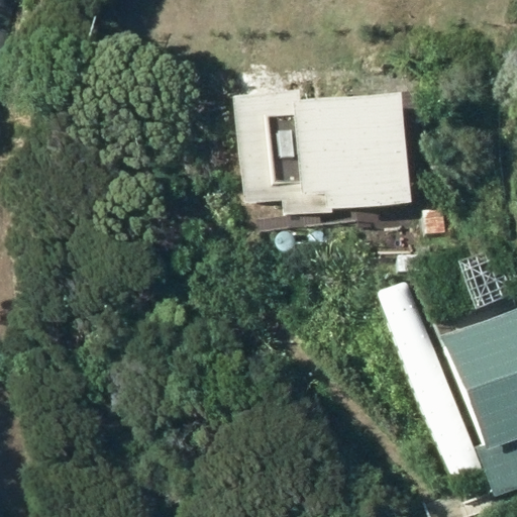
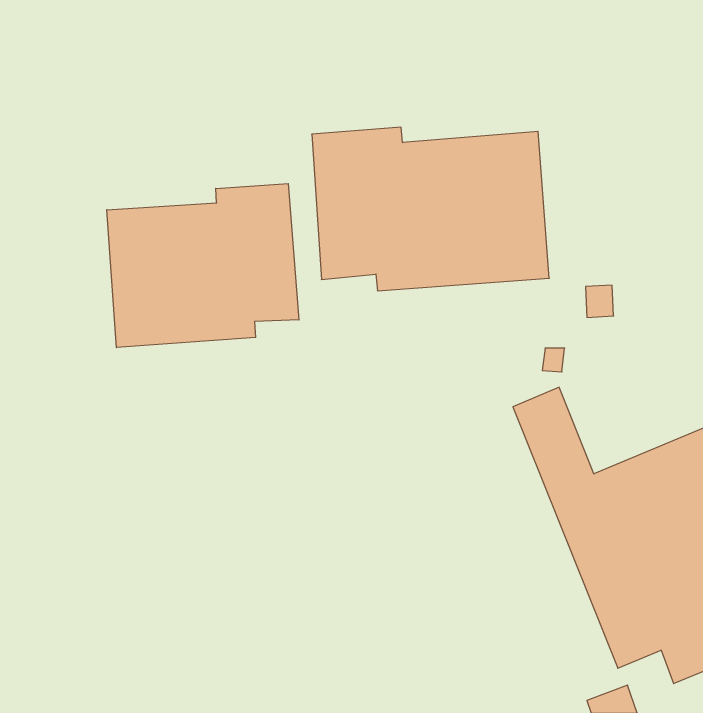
building: none -> [107,184,299,348]

